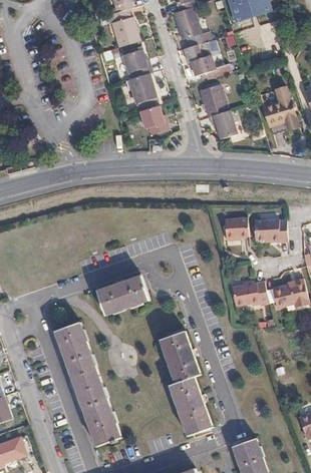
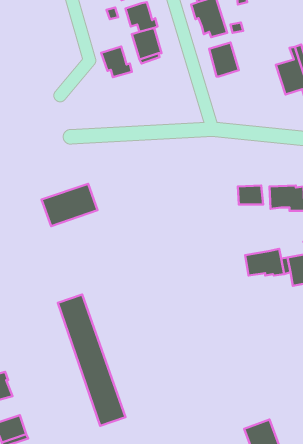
building: [137,102,167,131] -> [101,47,132,77]
building: [208,109,236,138] -> none
building: [95,275,148,315] -> [42,184,98,226]
building: [160,333,212,437] -> none

